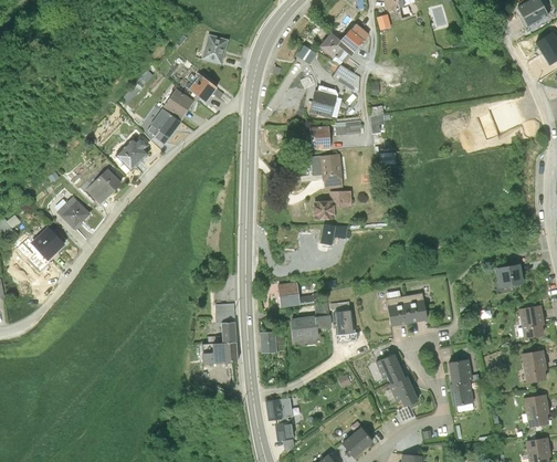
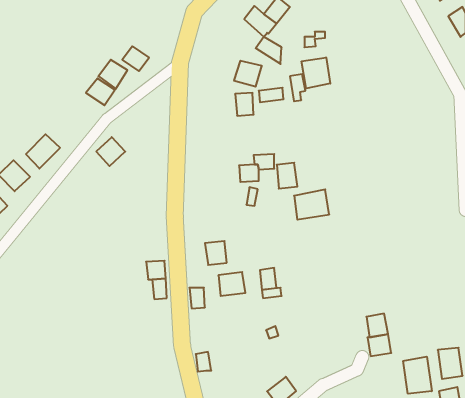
building: [200,32,228,64] -> none
building: none -> [302,57,330,88]
building: [116,138,147,169] -> [96,137,125,166]
building: [319,153,341,180] -> [277,163,297,189]
building: [496,262,525,287] -> none
building: [389,293,427,325] -> [294,189,329,220]
building: [519,306,548,340] -> none
building: [212,343,238,364] -> none
building: [523,351,548,384] -> none
building: [376,353,420,407] -> none
building: [275,398,295,442] -> none
building: none -> [403,357,432,394]

